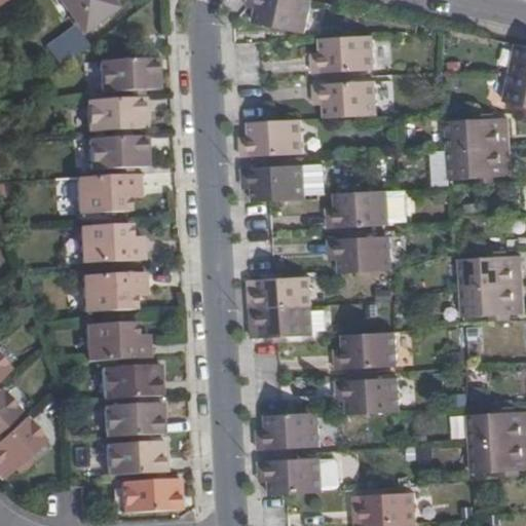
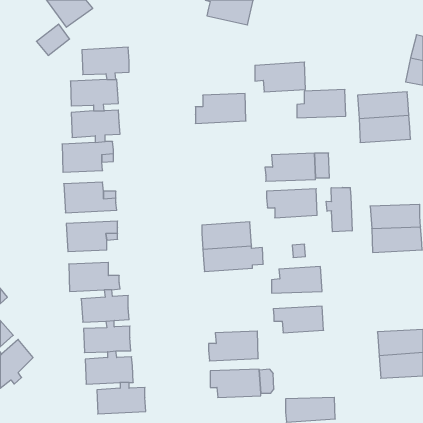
building: [315,33,376,68] -> [297,90,346,118]
building: [243,163,307,199] -> none
building: none -> [326,187,352,232]

